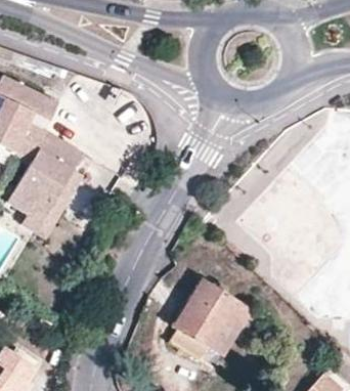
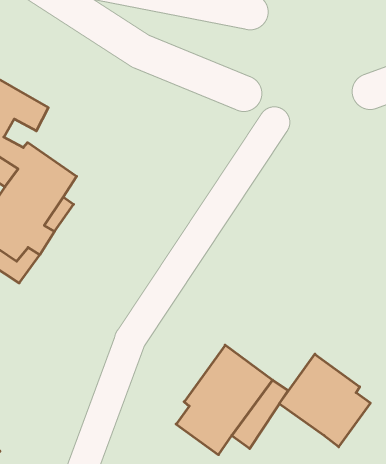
building: none -> [279,354,370,447]

